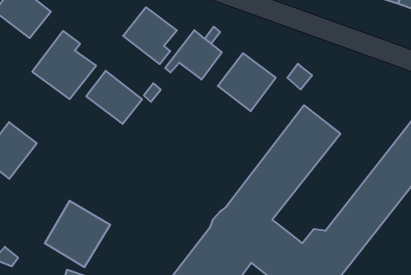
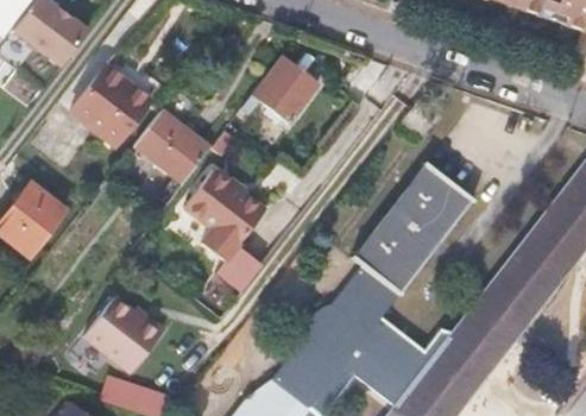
building: [123,7,177,64] -> none
building: [218,53,276,111] -> none
building: none -> [185,171,266,292]

